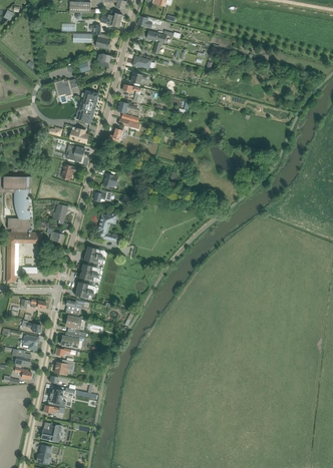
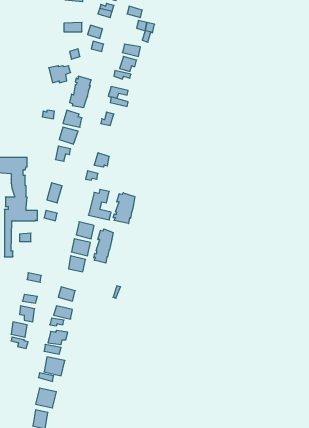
building: none -> [113,193,135,224]
building: none -> [94,229,113,263]

